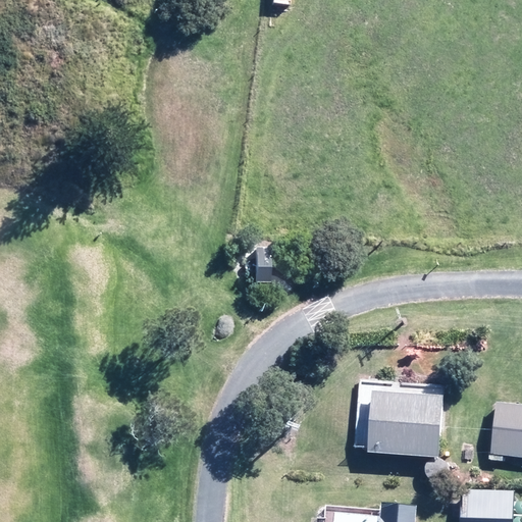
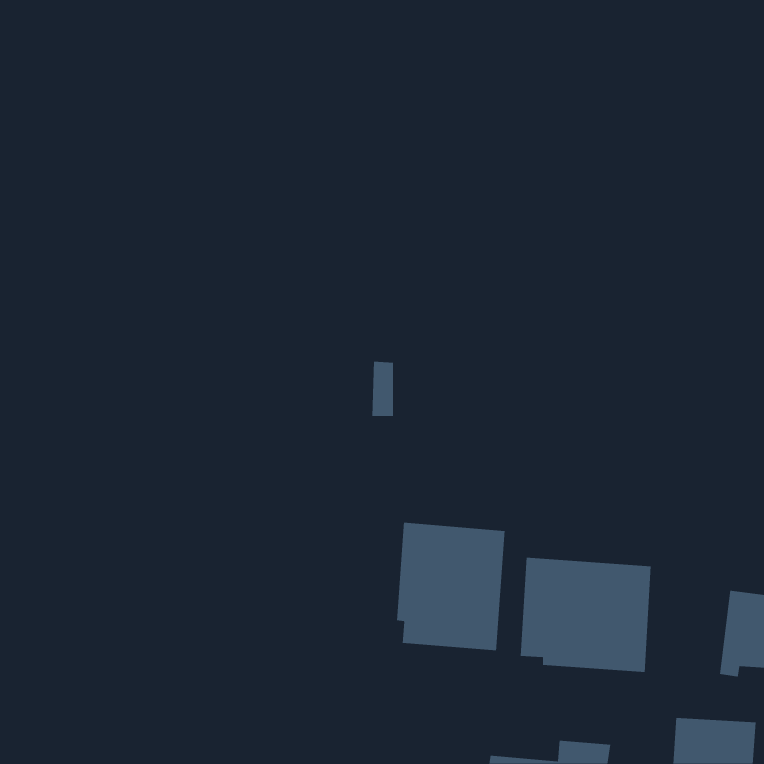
building: none -> [397,522,505,651]

